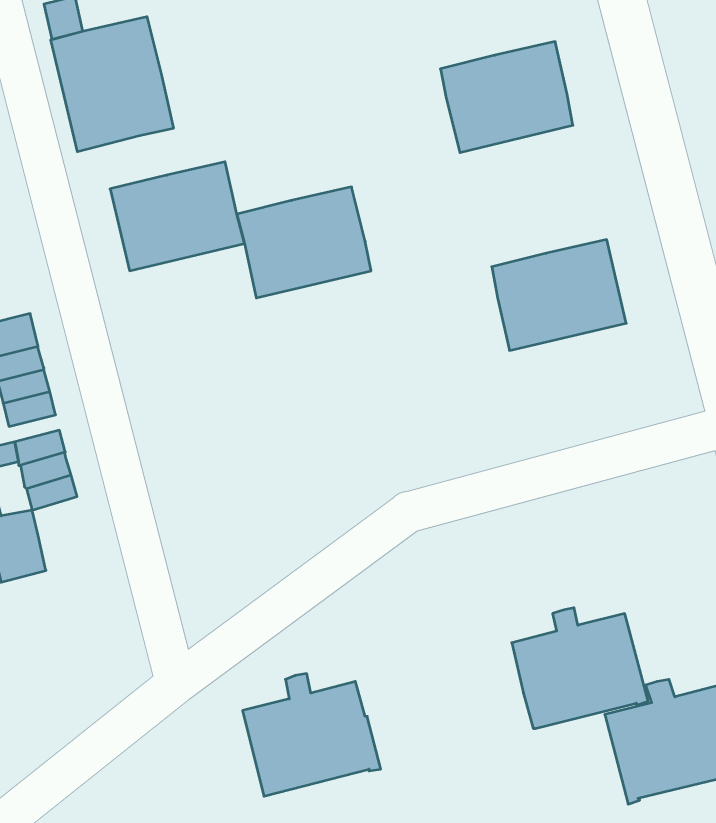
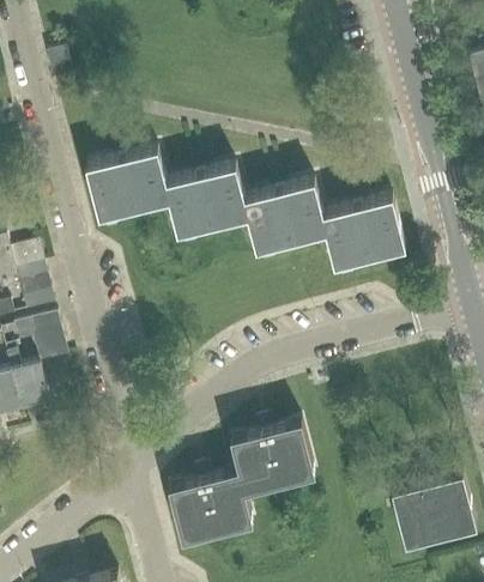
building: [51,17,173,152] -> none
building: [440,42,573,153] -> [246,183,327,251]
building: [512,608,648,728] -> [232,418,316,492]

